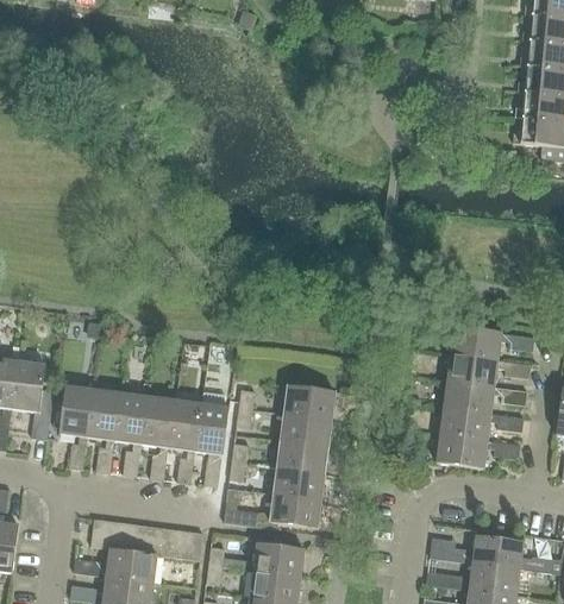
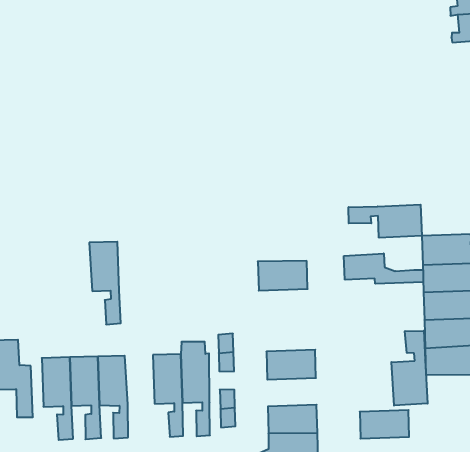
building: none -> [349,205,422,238]
building: none -> [344,253,423,284]
building: [283,385,334,420] -> [258,261,308,291]
building: [140,396,173,479] -> [89,242,121,324]
building: none -> [391,331,428,406]
building: [276,441,327,473] -> [360,410,409,439]

